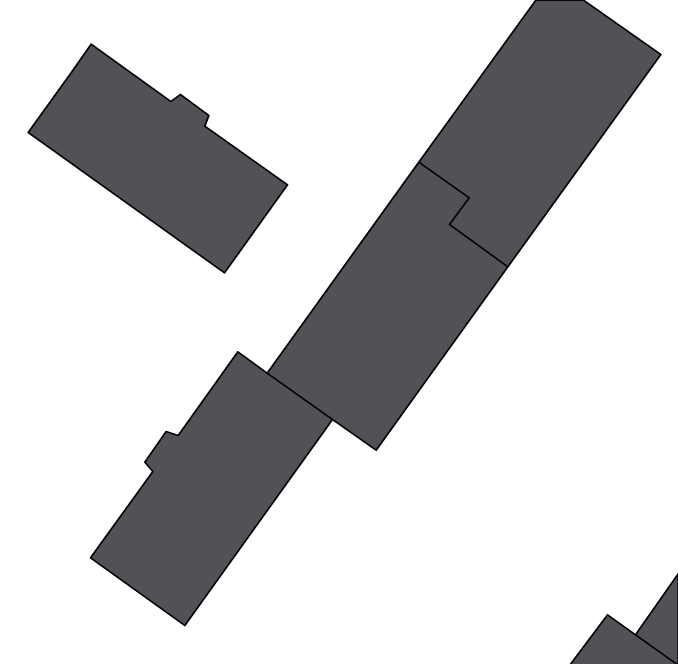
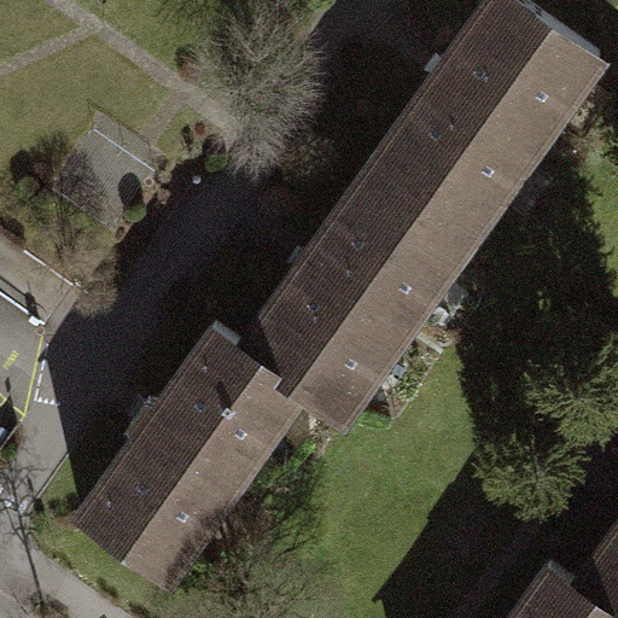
building: [28,44,288,273] -> none

